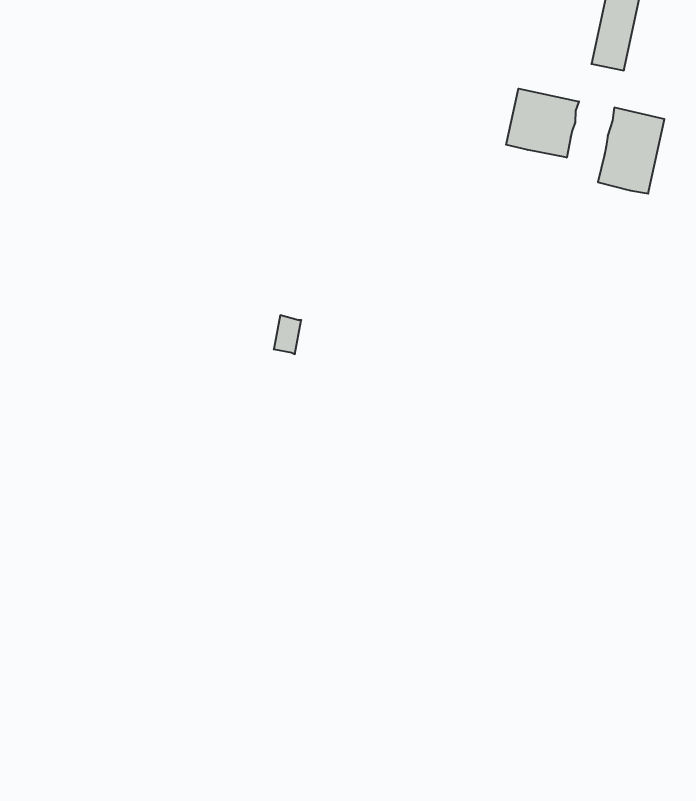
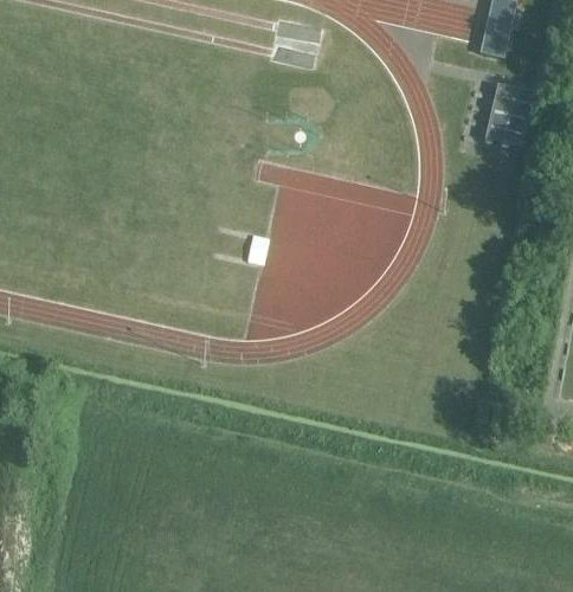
building: [506,89,579,158] -> none

